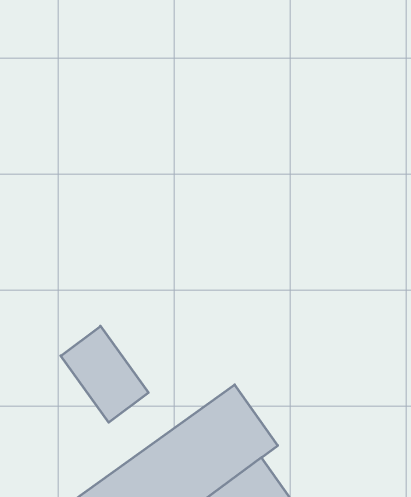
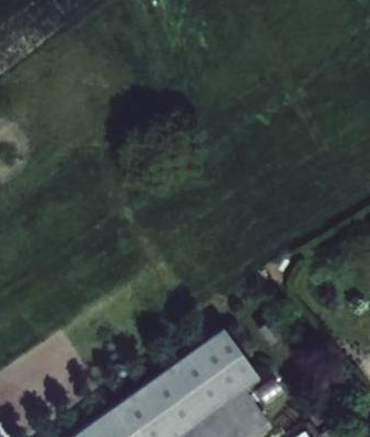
building: [61,326,148,422] -> none

